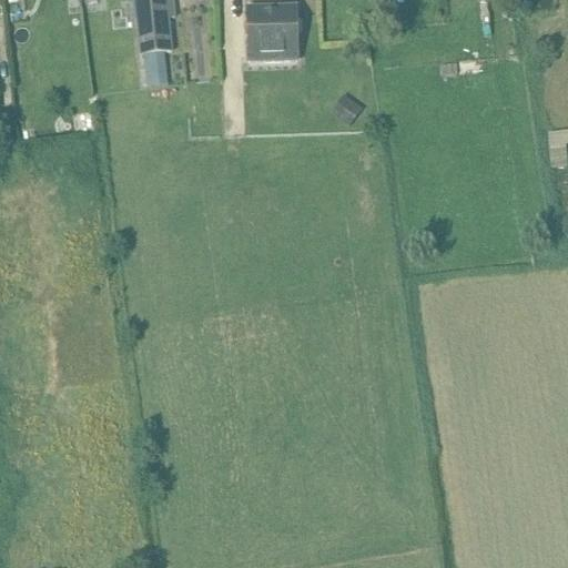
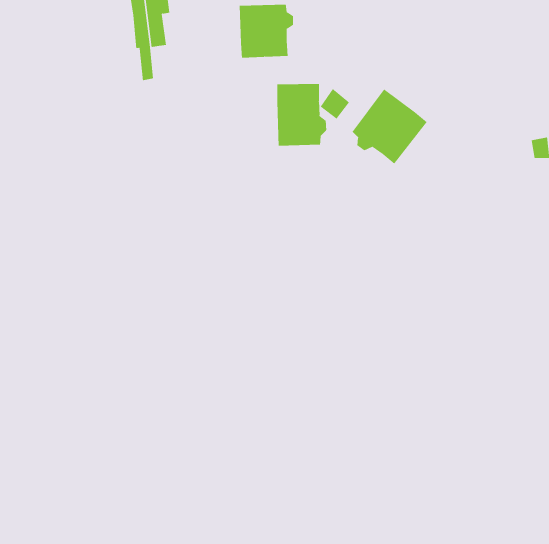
building: none -> [277,83,327,147]
building: none -> [352,88,427,165]

